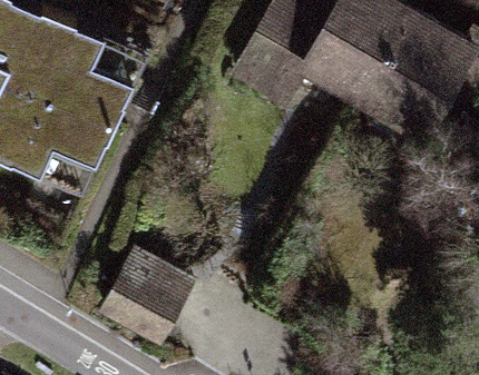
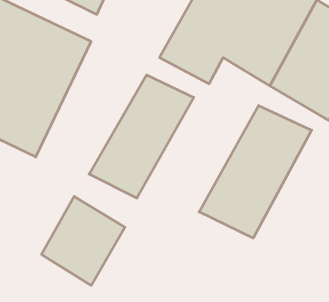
building: none -> [89,75,194,198]
building: none -> [199,106,312,238]

